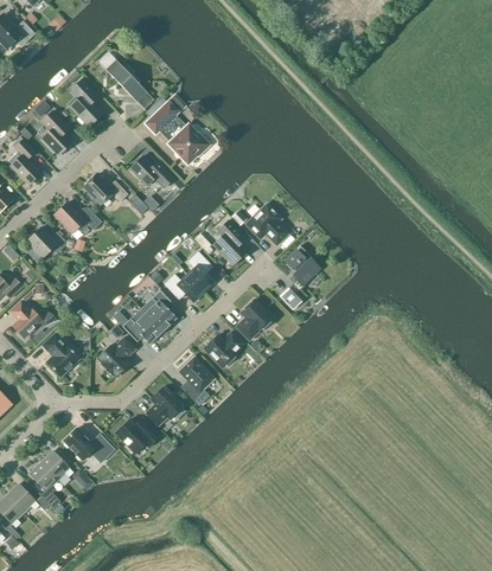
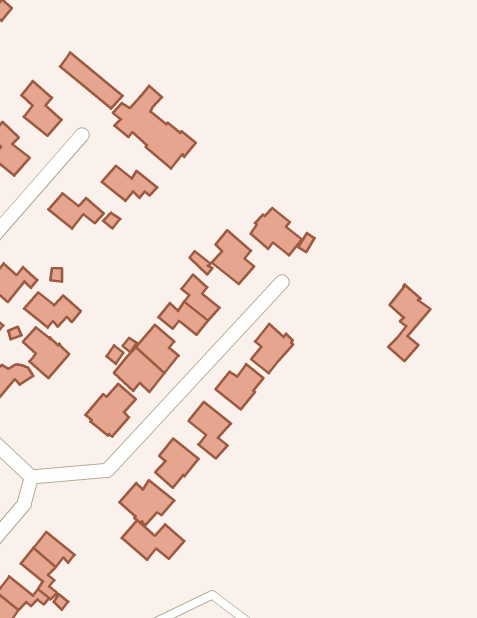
building: [55,203,101,232] -> [24,293,81,328]
building: [281,245,319,308] -> [388,284,430,361]
building: [43,334,79,377] -> [23,327,69,378]
building: [63,428,114,462] -> [122,520,184,560]

